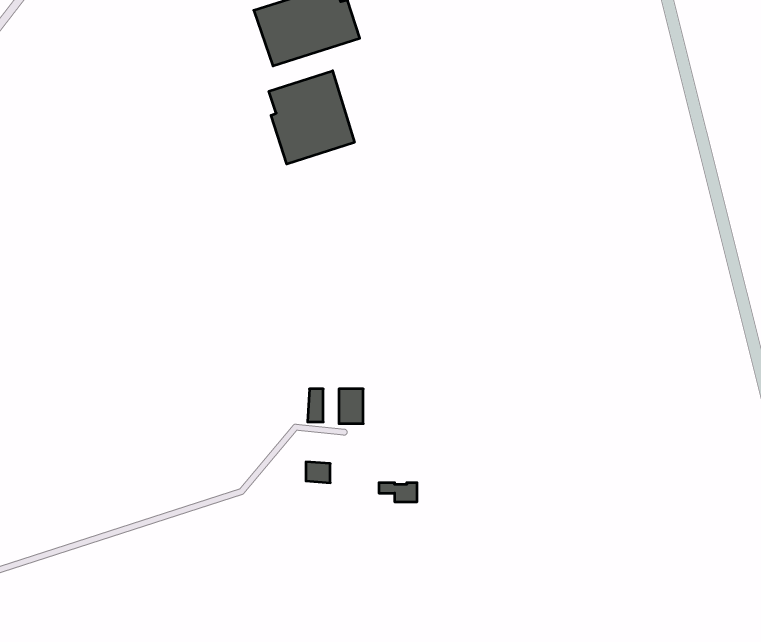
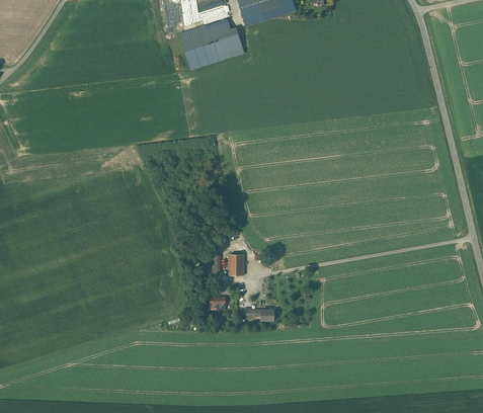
building: [269,71,354,164] -> none

